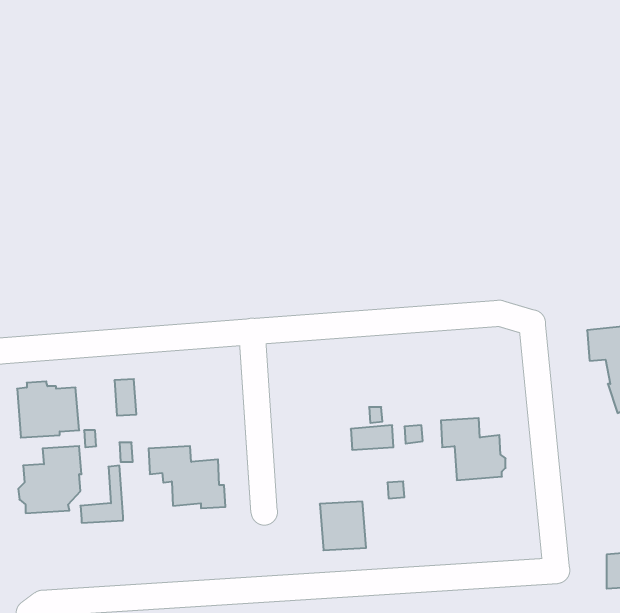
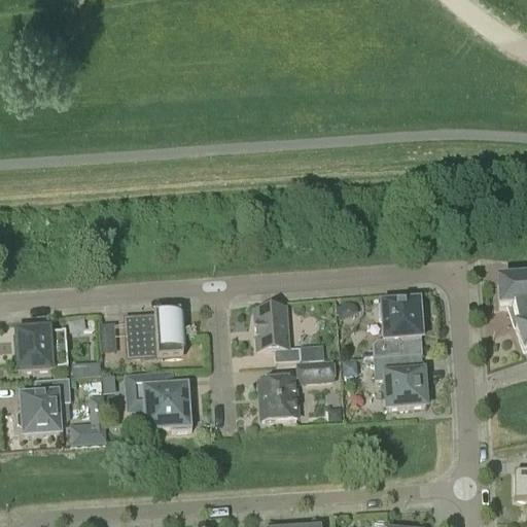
building: none -> [374,298,424,355]
building: none -> [255,305,301,359]
building: none -> [125,308,183,357]
building: [320,502,366,550] -> [259,377,298,418]

